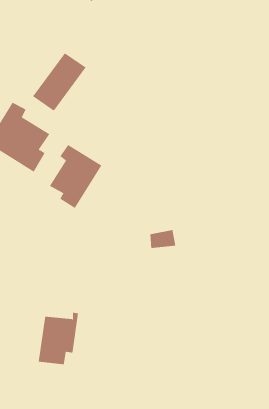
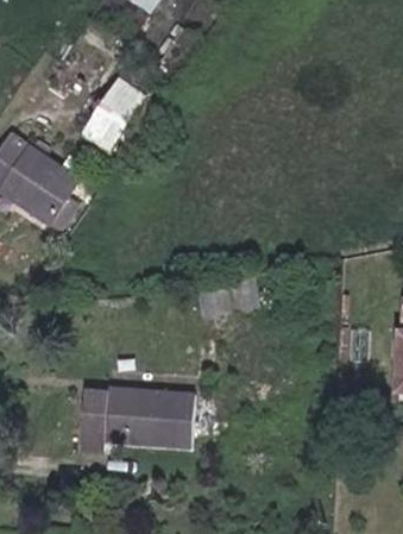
building: [49,144,102,209] -> none
building: none -> [119,395,195,452]

